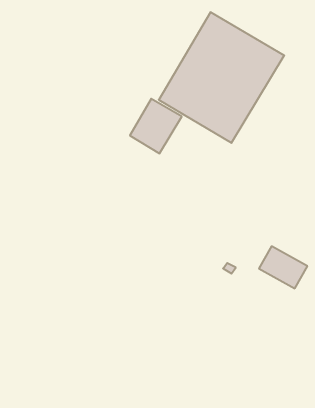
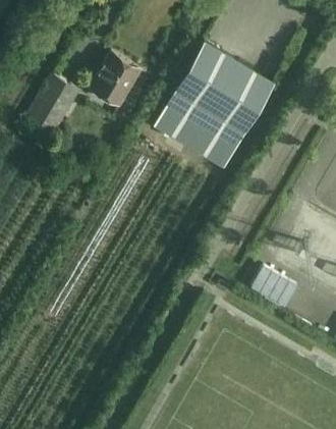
building: none -> [25,75,80,135]
building: [130,99,182,153] -> [91,54,141,107]

